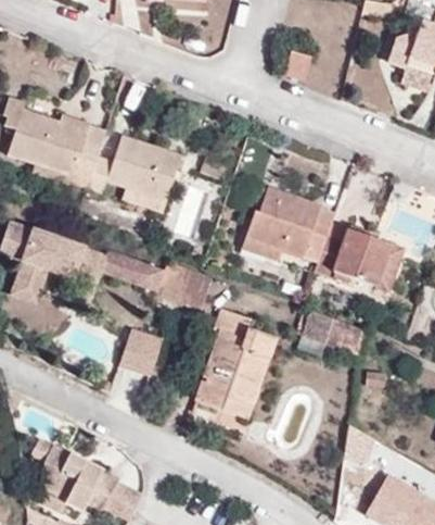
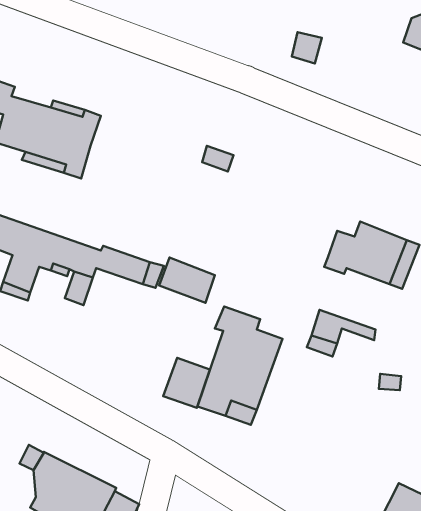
building: [88,136,181,211] -> none
building: [243,187,335,262] -> none
building: [119,330,163,377] -> [163,358,210,408]

